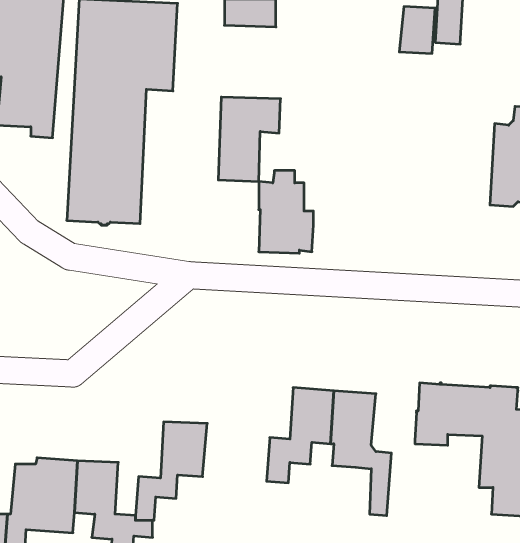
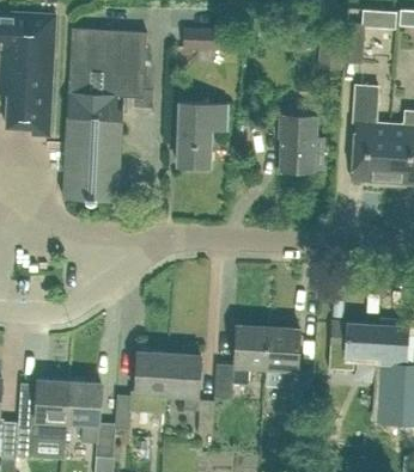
building: none -> [349,85,389,186]
building: [259,171,313,253] -> [280,109,322,172]
building: none -> [165,354,214,435]

